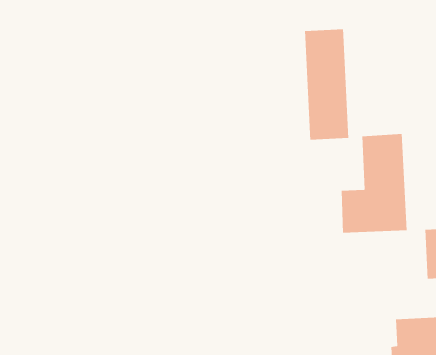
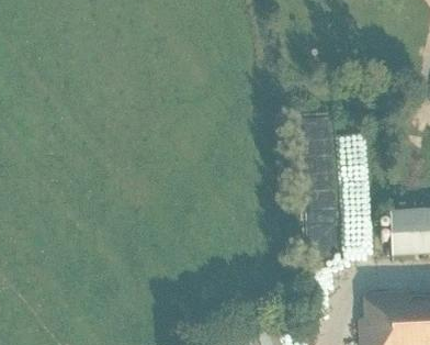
building: [304,29,349,141] -> none

